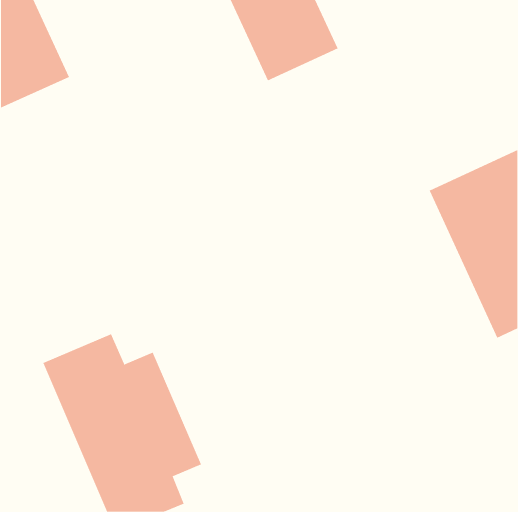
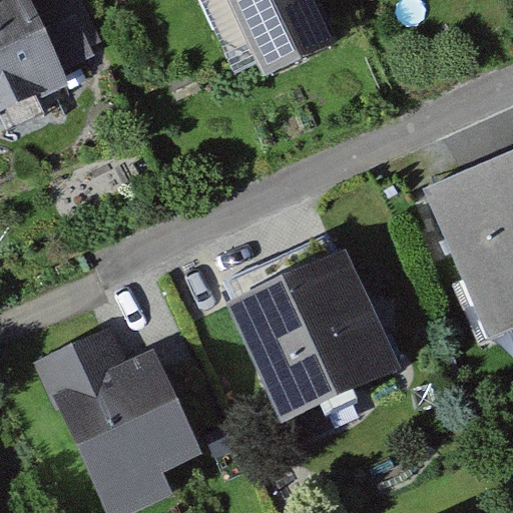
building: none -> [228,250,393,421]

